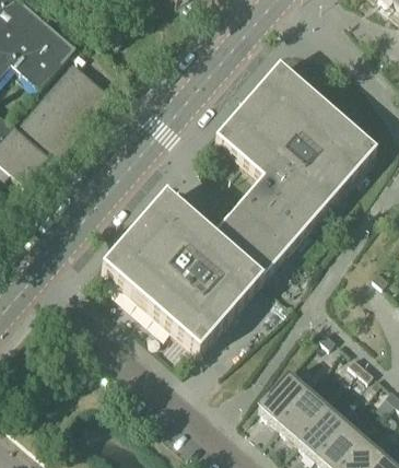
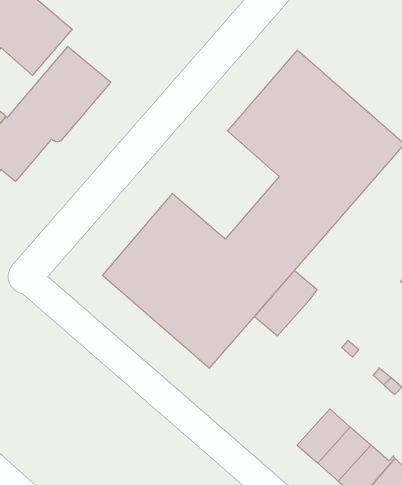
building: [259,361,316,420] -> [255,271,317,336]

